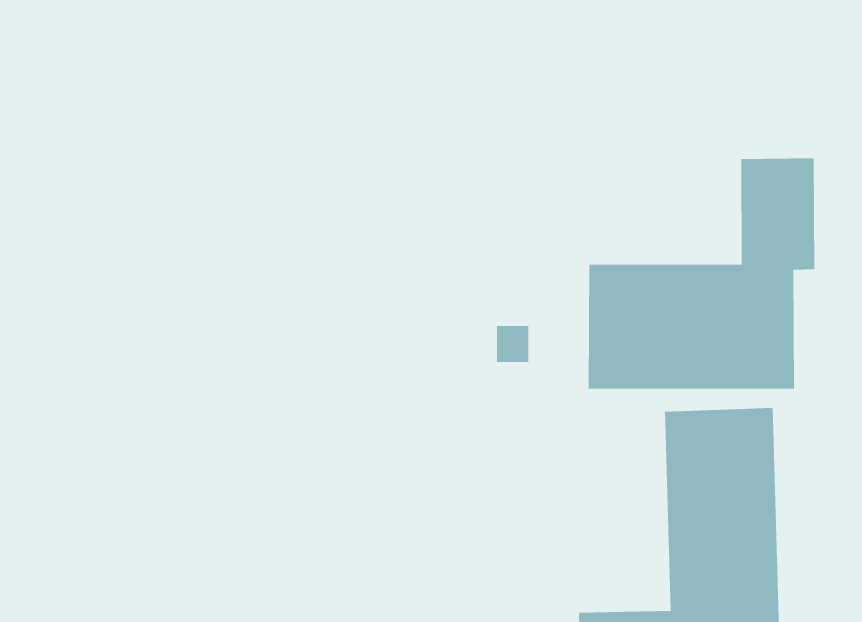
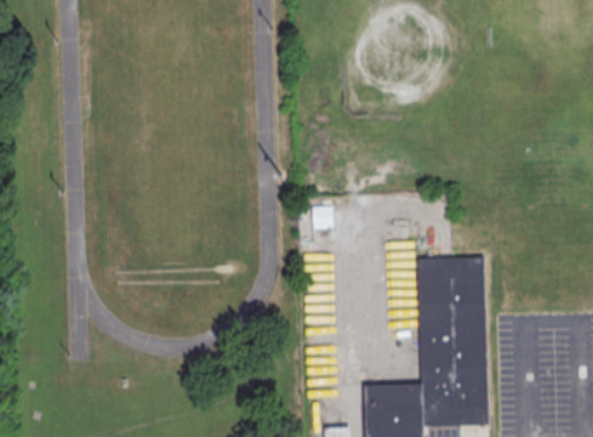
building: [588,157,815,390] -> none

